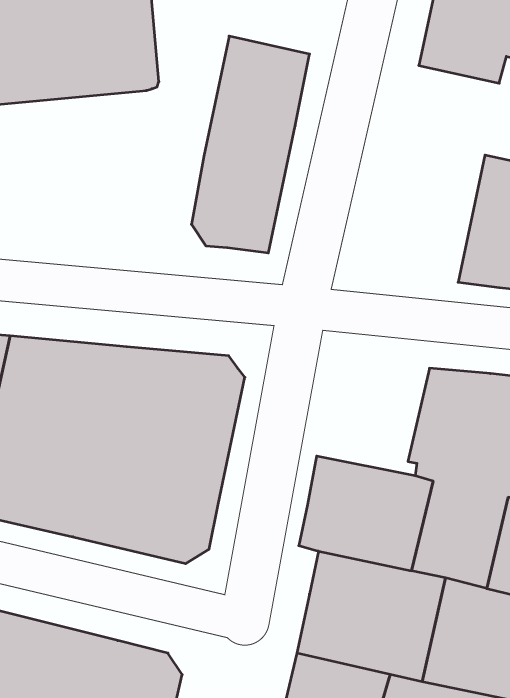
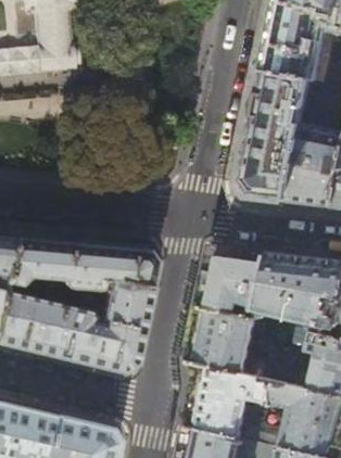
building: [191,36,310,253] -> [232,71,304,202]
building: none -> [193,247,262,319]

